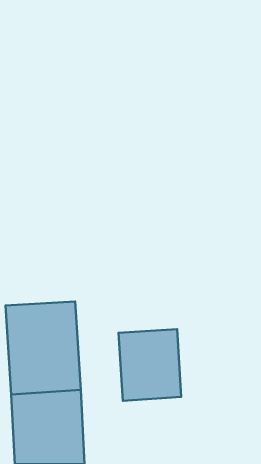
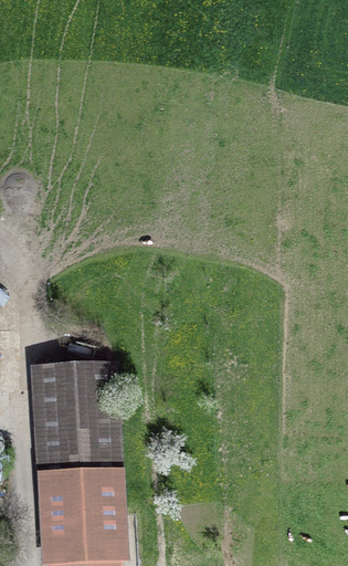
building: [118,329,181,401] -> none

